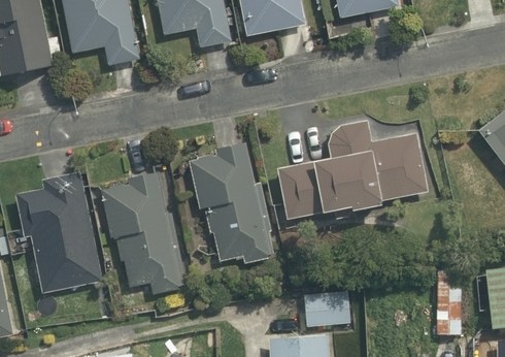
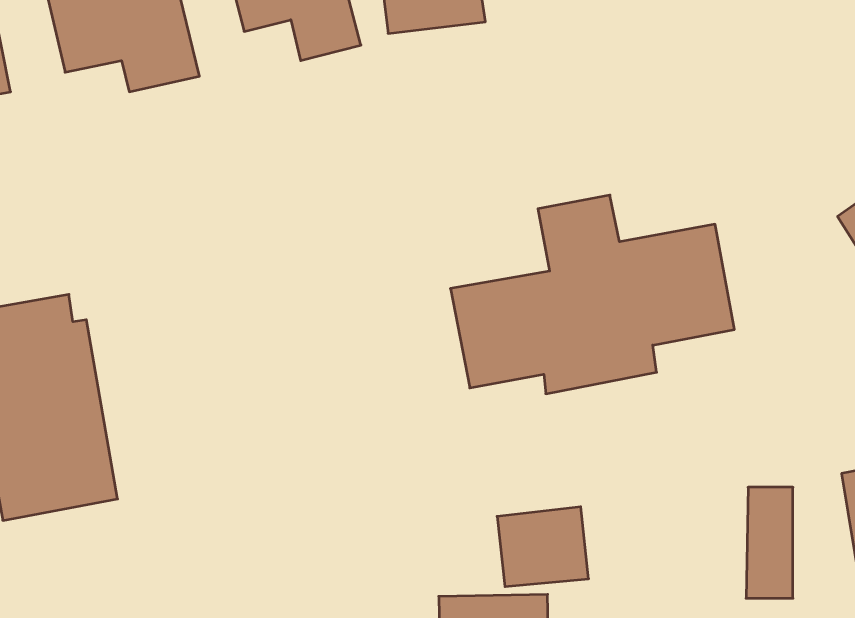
building: [187,143,277,265] -> none
building: [98,172,183,291] -> none

